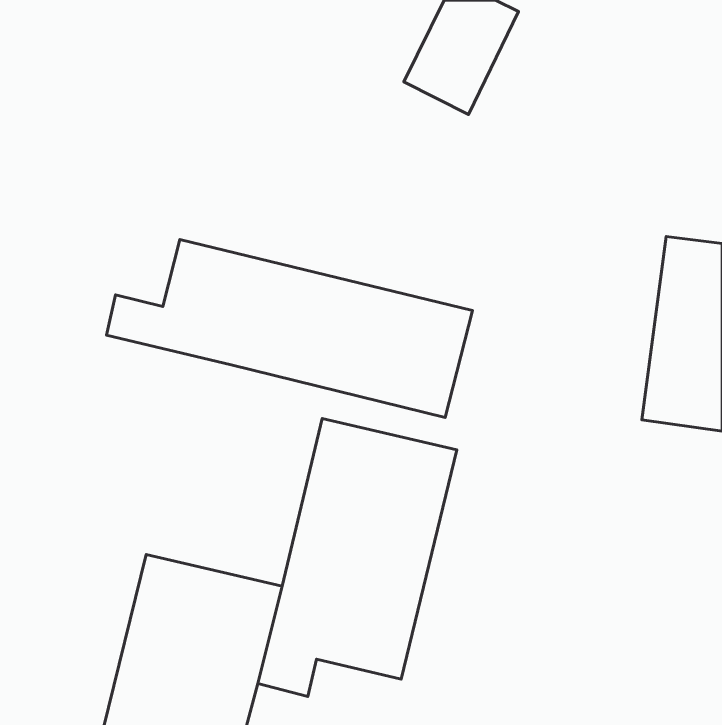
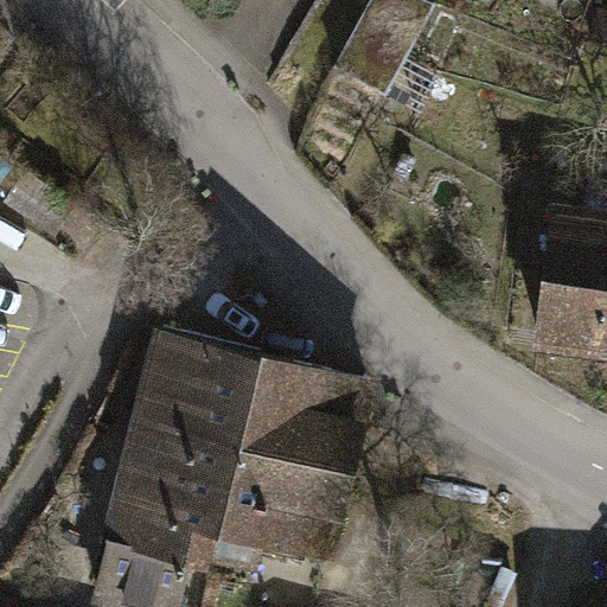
building: [107,239,473,417] -> none
building: none -> [121,325,267,491]

